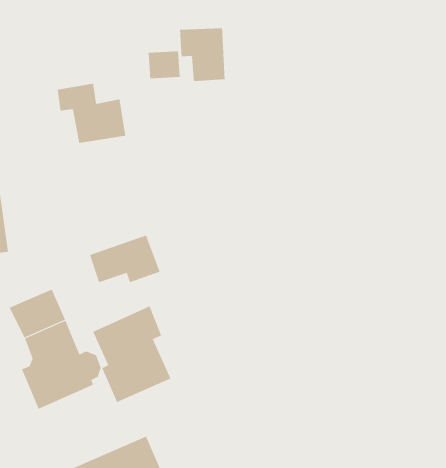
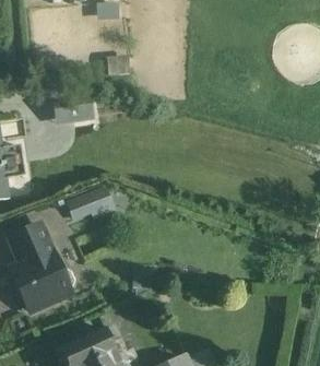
building: [180,28,225,82] -> none
building: [92,306,171,403] -> none

